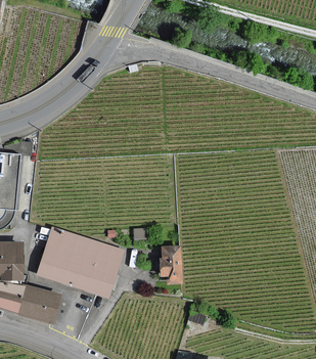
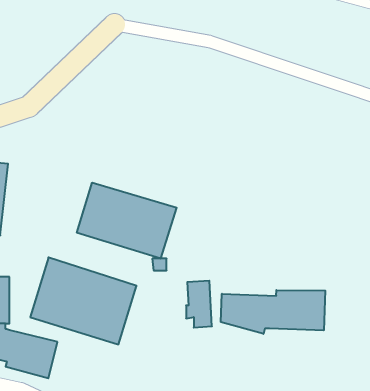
building: none -> [77,183,177,259]
building: none -> [221,290,325,334]

